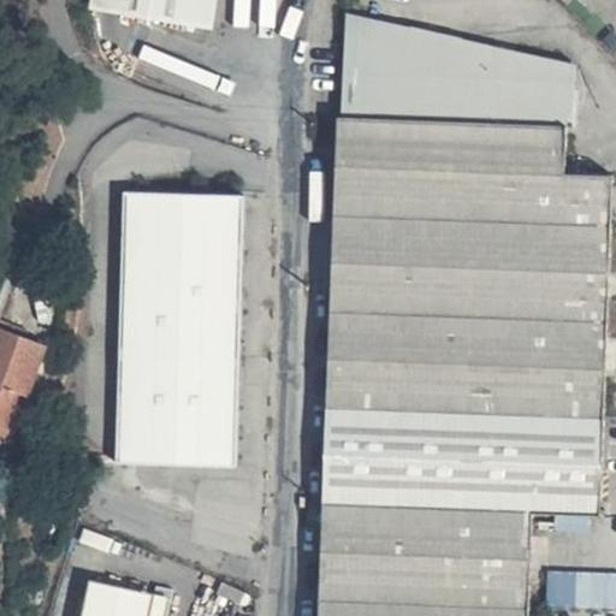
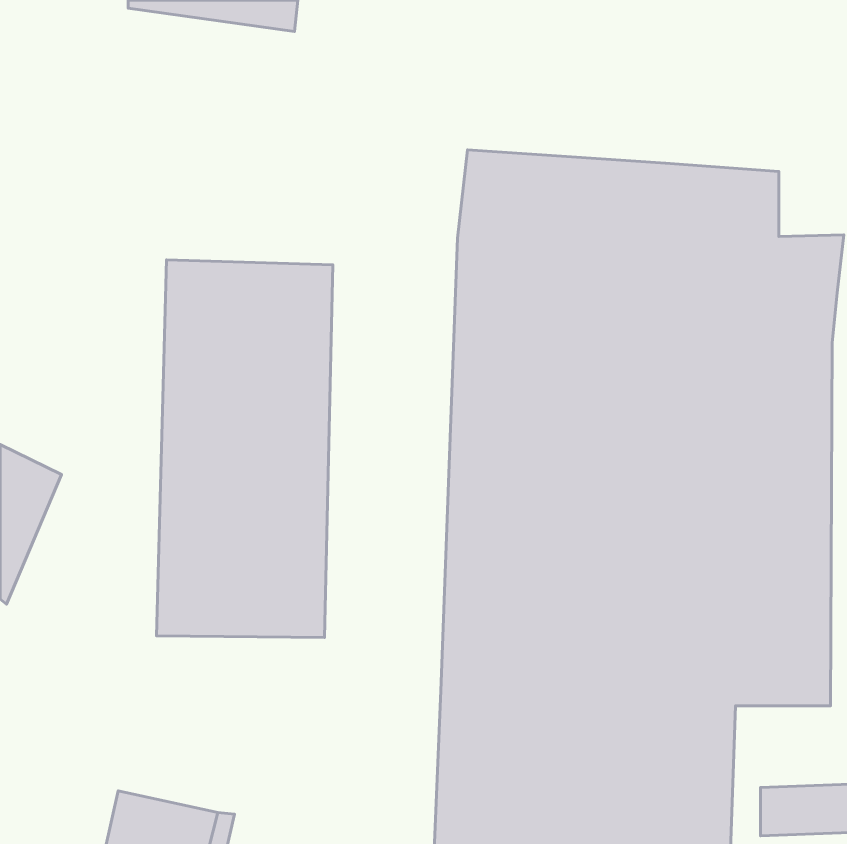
building: [340,13,580,124] -> none

